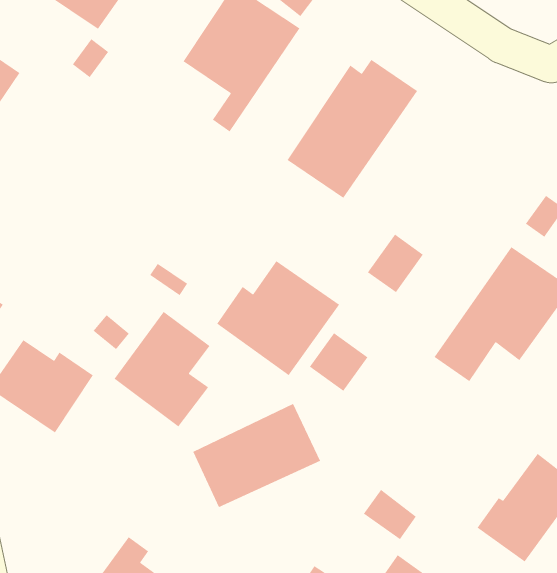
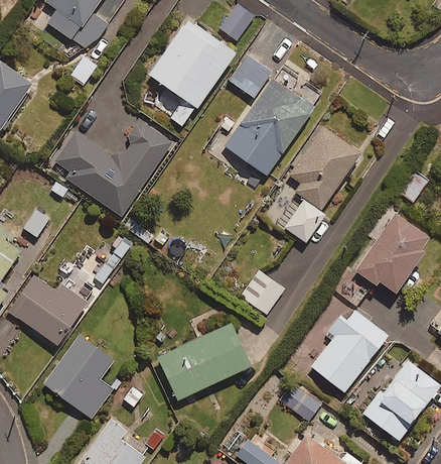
building: none -> [229,56,271,99]
building: none -> [55,124,171,217]
building: none -> [289,126,360,209]
building: [216,260,340,376] -> none
building: [113,311,210,428] -> [43,335,114,420]
building: none -> [312,310,388,392]

